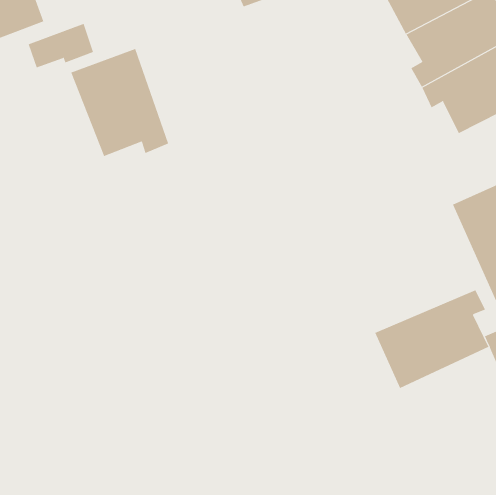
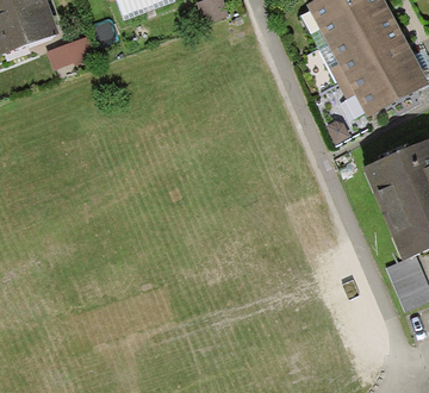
building: [71,48,169,157] -> none
building: [375,290,489,389] -> none

